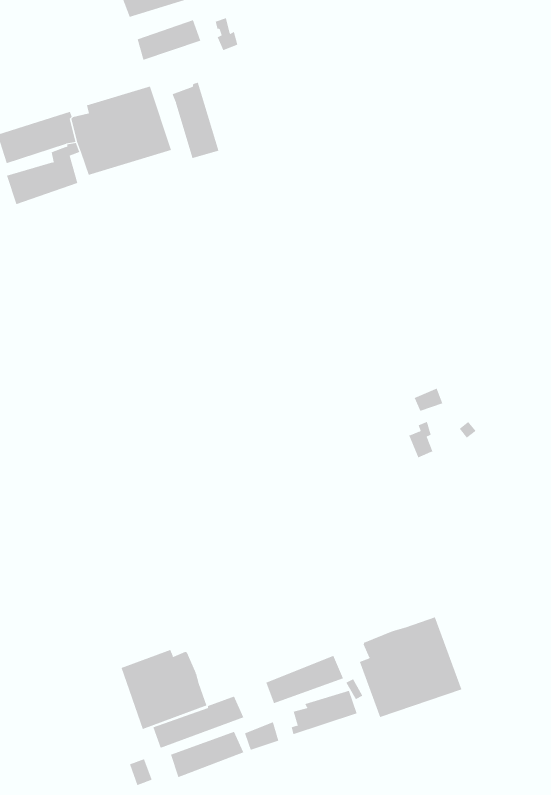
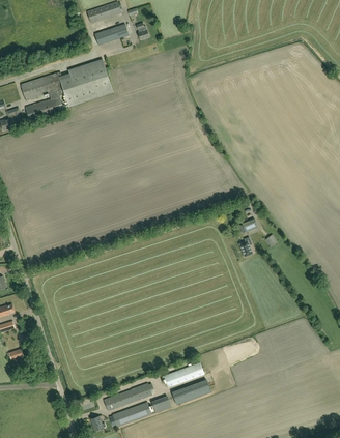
building: [172,82,219,159] -> none
building: [359,616,462,718] -> none
building: [121,649,207,730] -> none

